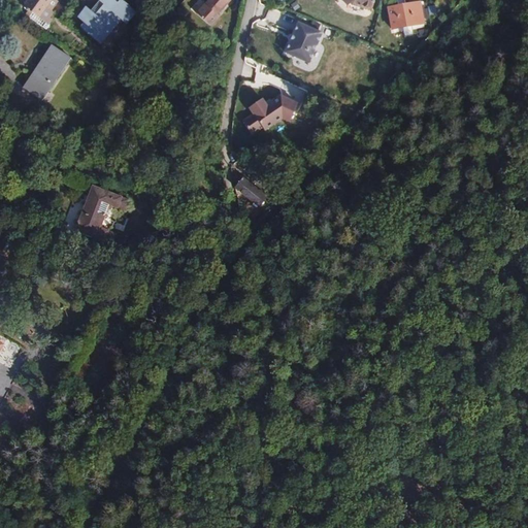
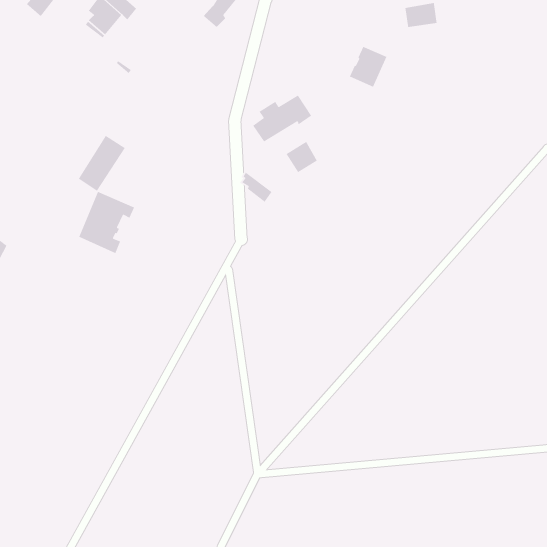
building: [285,22,322,62] -> [349,46,387,88]
building: [22,45,68,100] -> [78,135,126,192]
building: none -> [286,141,318,173]

